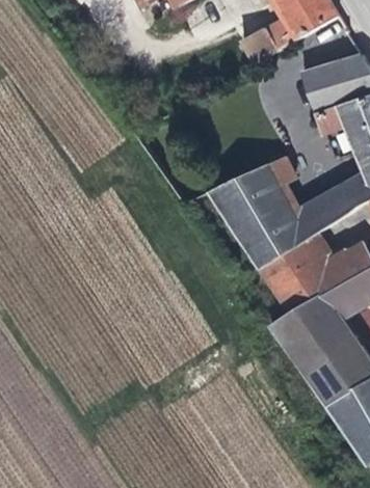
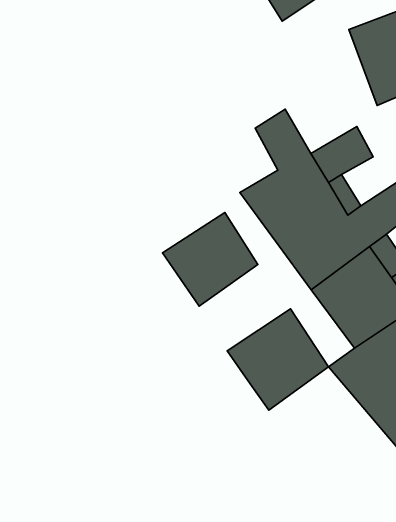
building: none -> [163,213,258,306]
building: none -> [227,309,329,410]

